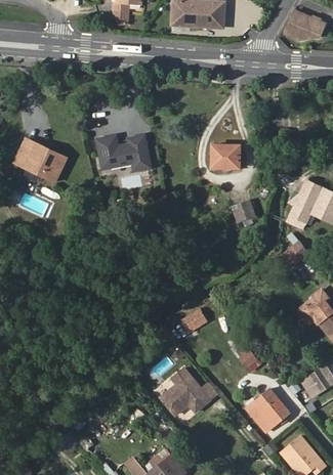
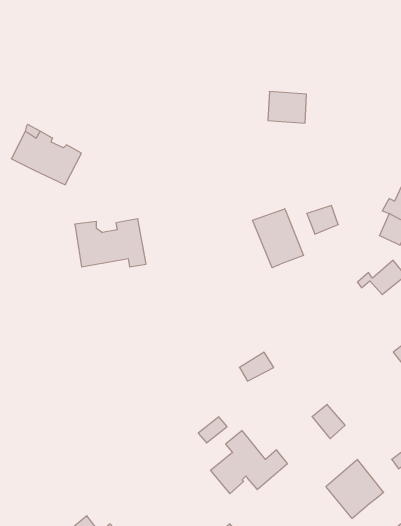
building: [91,133,144,169] -> [75,219,146,267]
building: [211,145,240,169] -> [268,92,306,123]
building: none -> [253,209,303,268]

